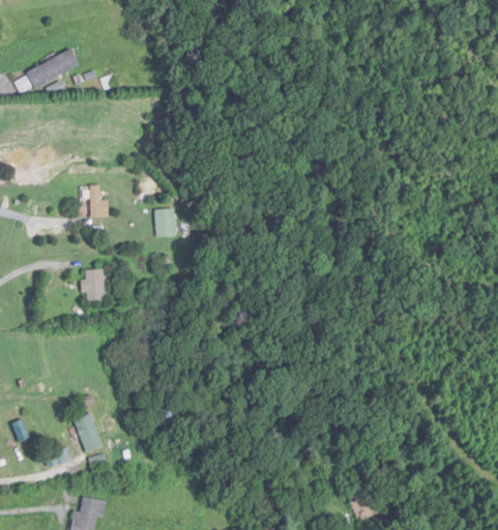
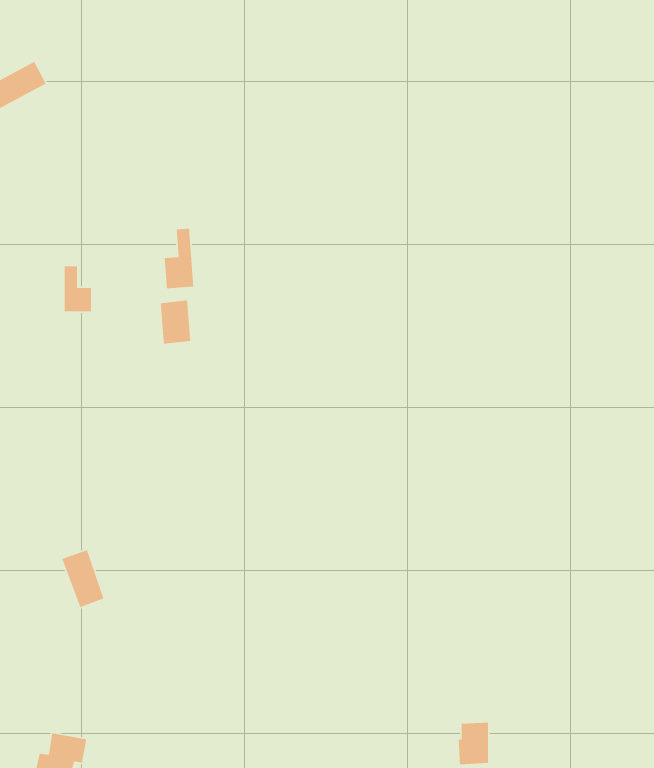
building: none -> [164,228,194,289]
building: [81,269,105,302] -> none
building: [74,413,102,452] -> [61,549,105,608]

